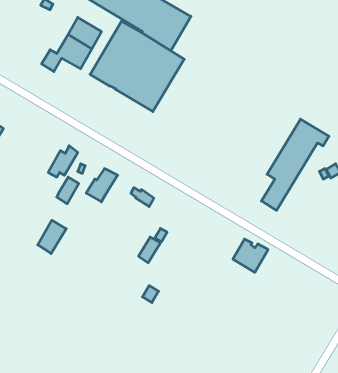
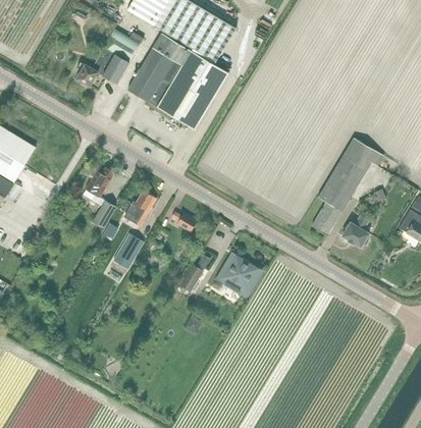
building: none -> [341,216,368,246]
building: [38,220,66,254] -> [113,233,144,269]
building: [233,239,268,272] -> [221,257,259,292]

